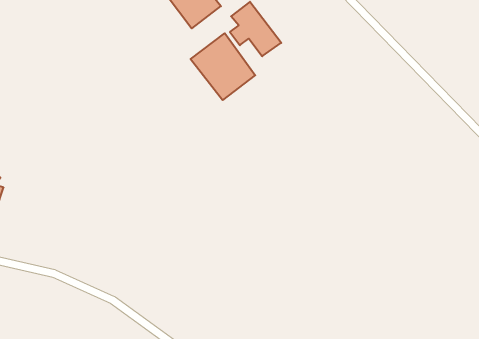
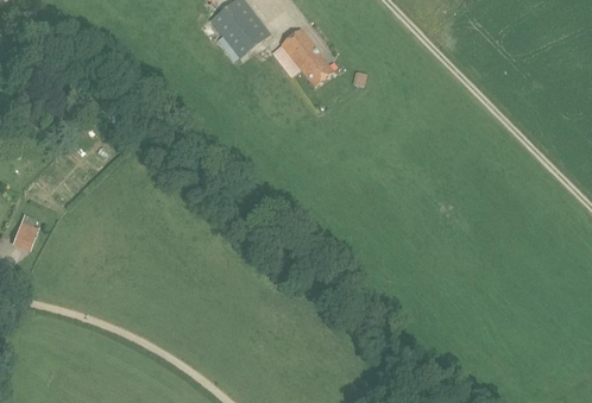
building: [191,33,255,100] -> none

